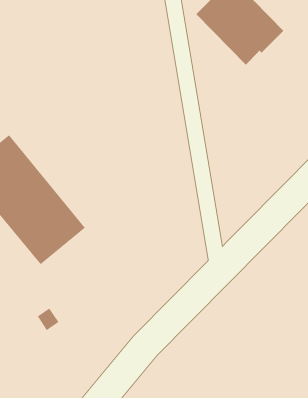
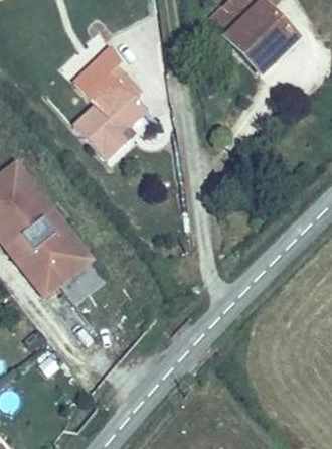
building: none -> [74,64,148,158]

